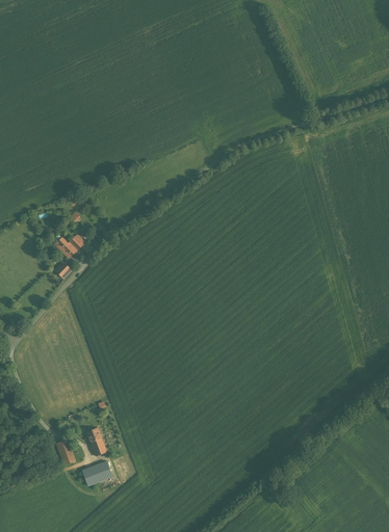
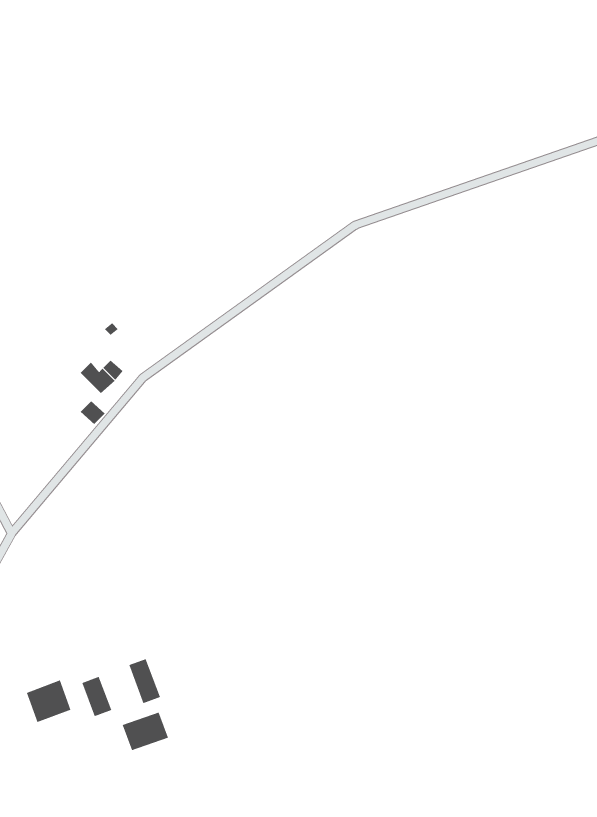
building: none -> [26,679,71,723]

